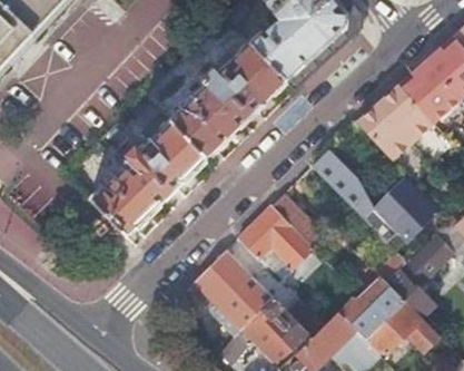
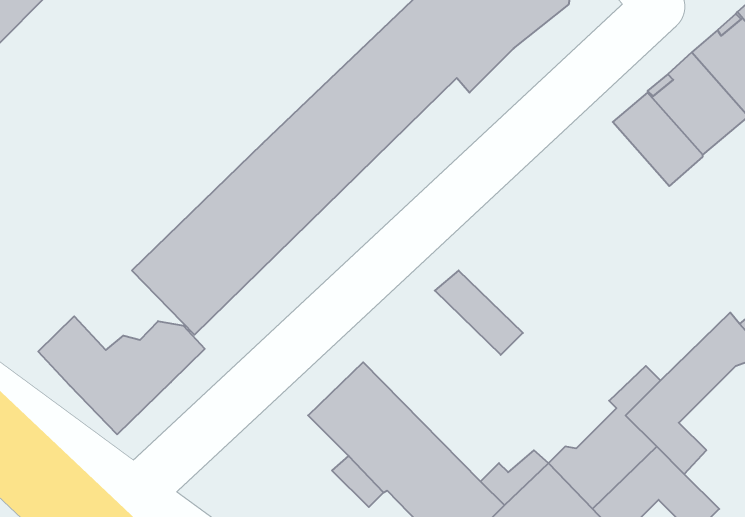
building: [357,104,414,160] -> none
building: [313,150,438,242] -> none
building: [239,206,313,266] -> none
building: none -> [38,316,205,434]

